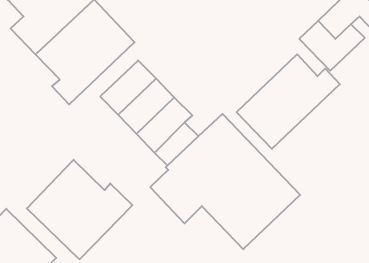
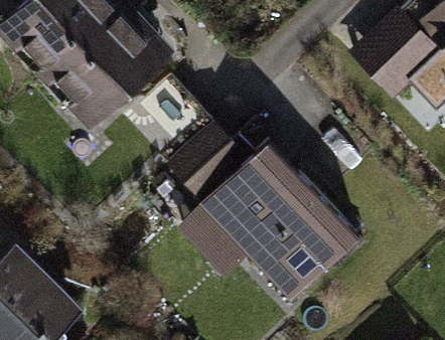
building: [237,54,340,149] -> none
building: [27,160,132,259] -> none

